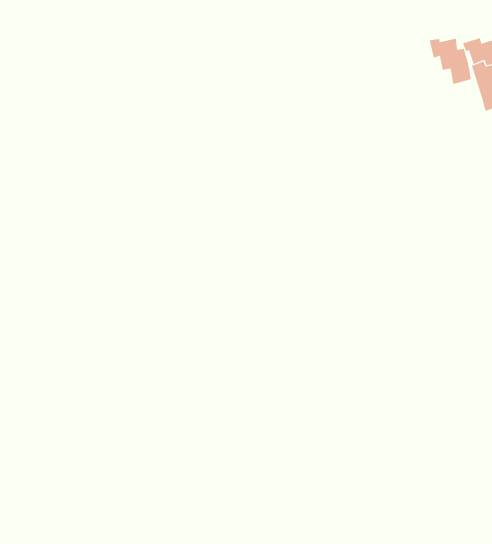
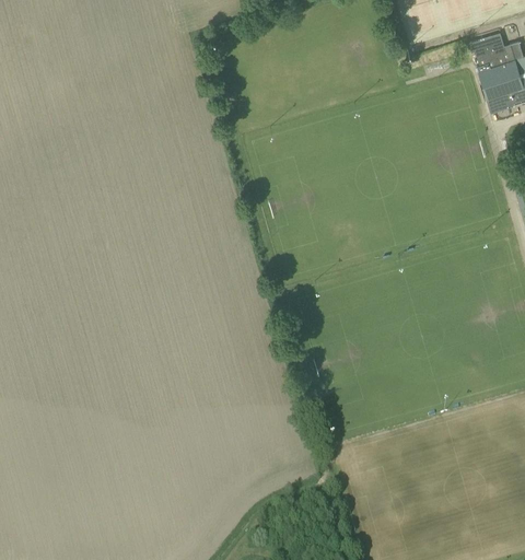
building: [429,38,472,85] -> none

